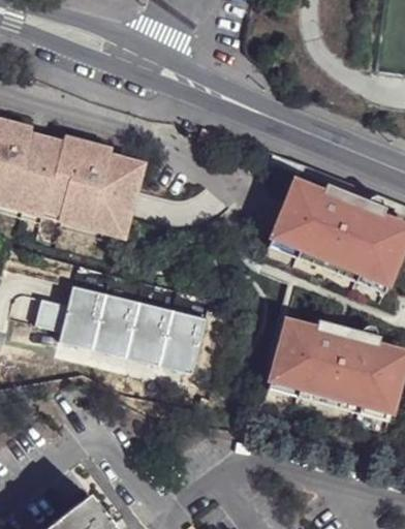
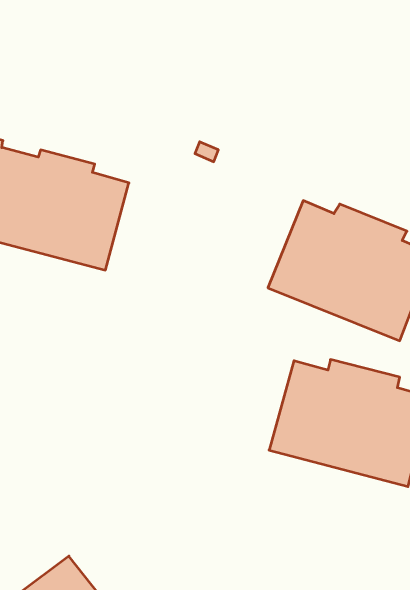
building: [56,285,202,375] -> none

